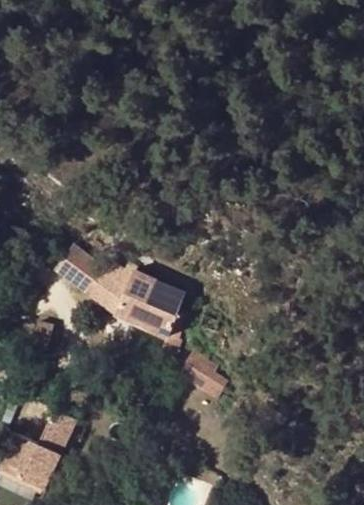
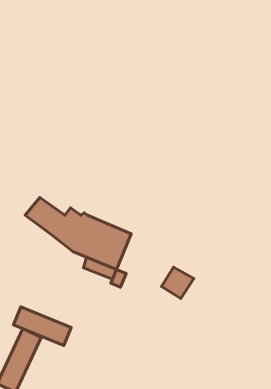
building: [178,352,218,391] -> [161,267,194,299]
building: none -> [14,307,71,345]

